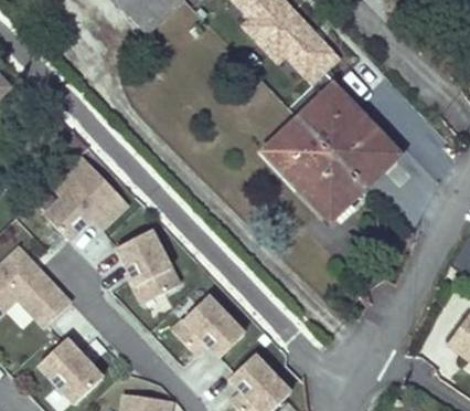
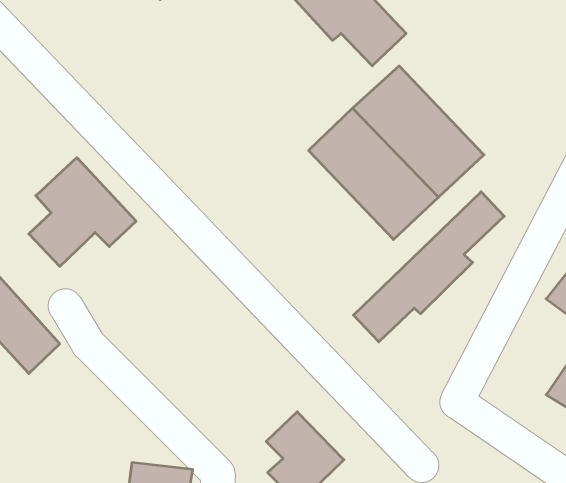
building: none -> [353,192,504,342]
building: [117,230,179,302] -> none
building: [172,295,244,356] -> none
building: [39,338,103,403] -> none

